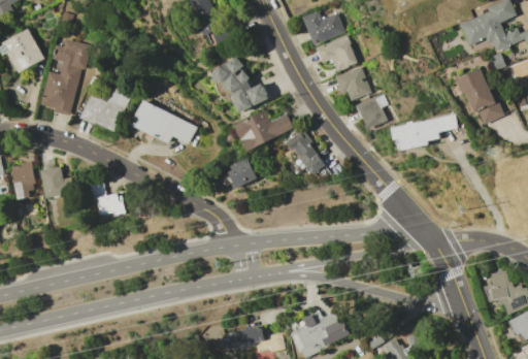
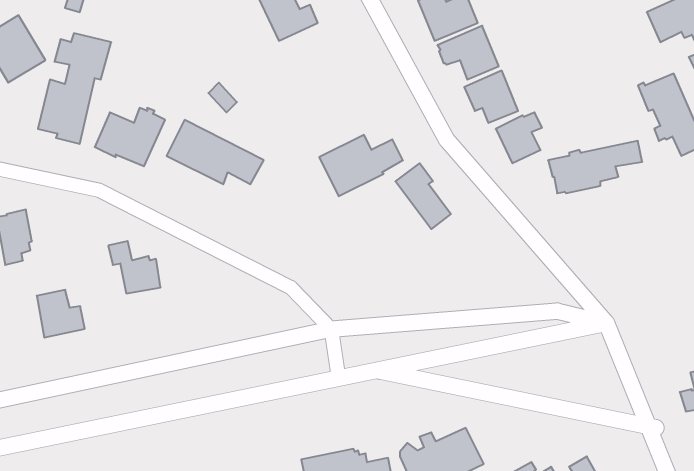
building: [212,56,269,113] -> none
building: [210,157,256,190] -> none
building: [41,166,74,199] -> [37,290,85,338]

